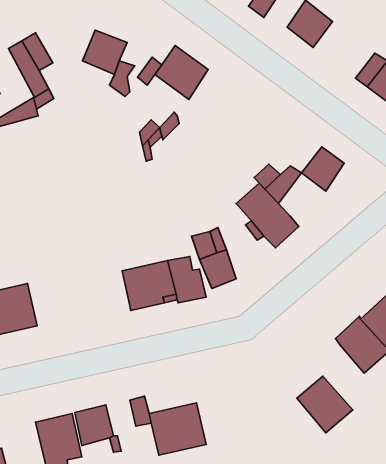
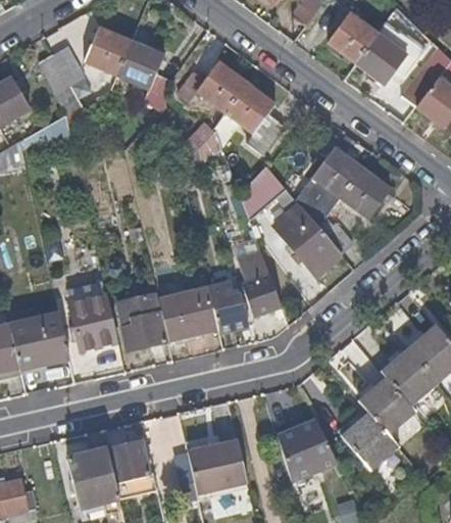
building: none -> [359,22,428,81]
building: none -> [83,27,129,75]
building: none -> [228,84,284,155]
building: none -> [318,144,368,193]
building: none -> [252,167,290,215]
building: none -> [68,292,114,350]
building: none -> [114,293,163,349]
building: none -> [361,376,418,433]
building: none -> [275,418,336,479]

